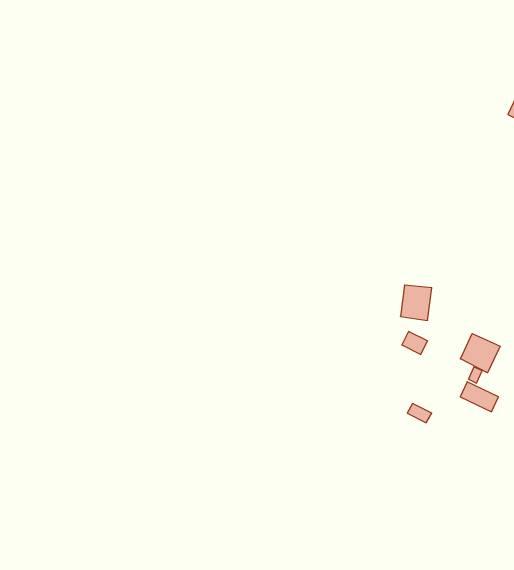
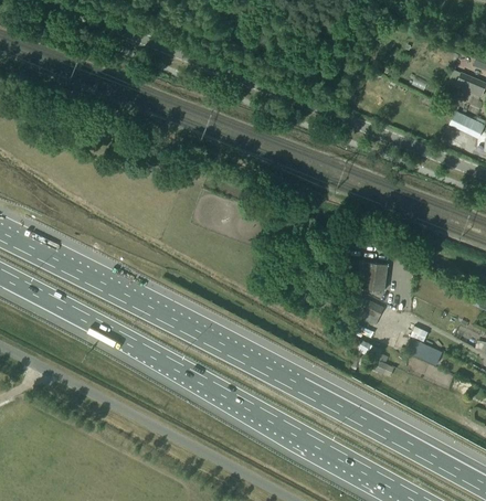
building: [460,334,500,373] -> none

